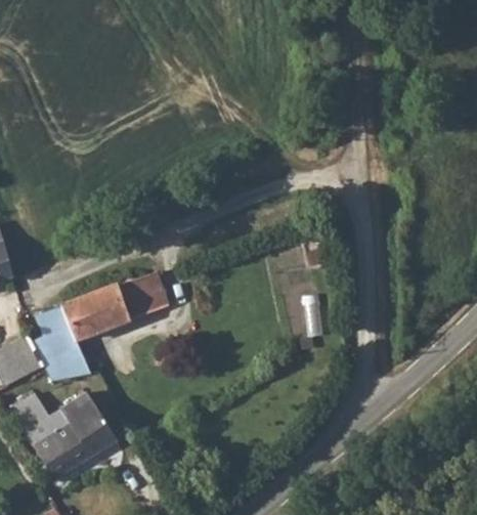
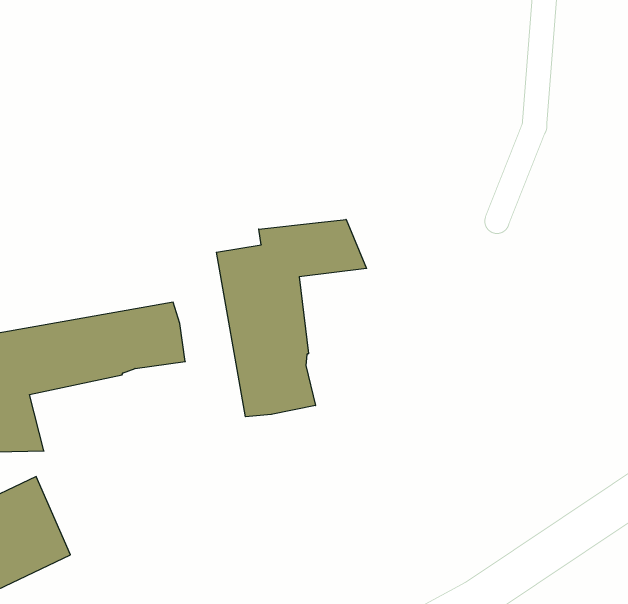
building: none -> [216,219,367,417]

